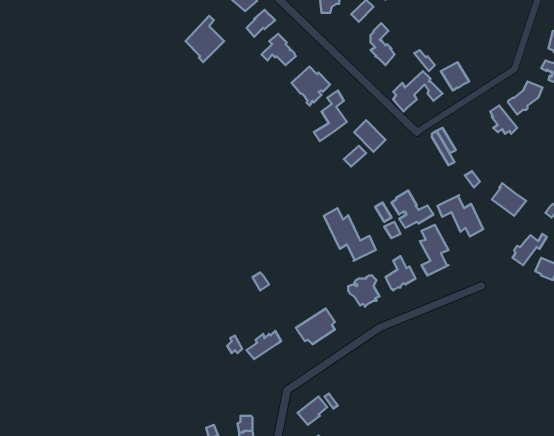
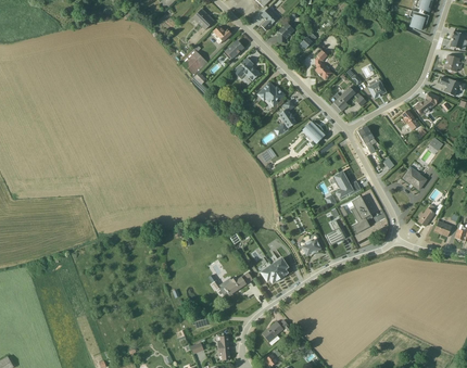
building: [438,195,483,237] -> none
building: [324,208,376,261] -> none

